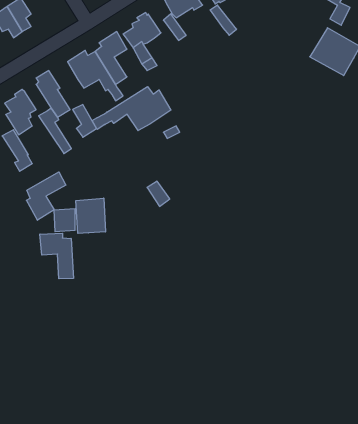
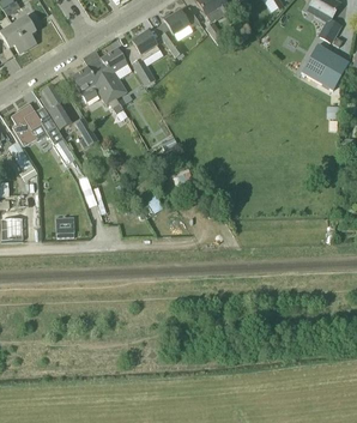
building: [92,87,171,131] -> none
building: [26,172,66,220] -> none
building: [76,198,105,233] -> none
building: [40,233,73,279] -> none

